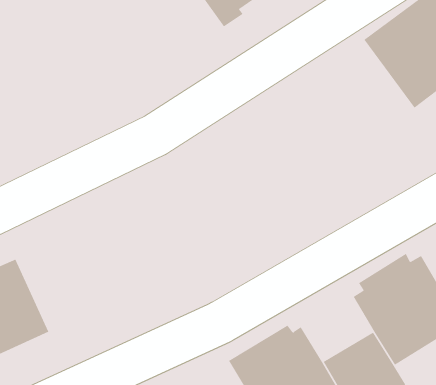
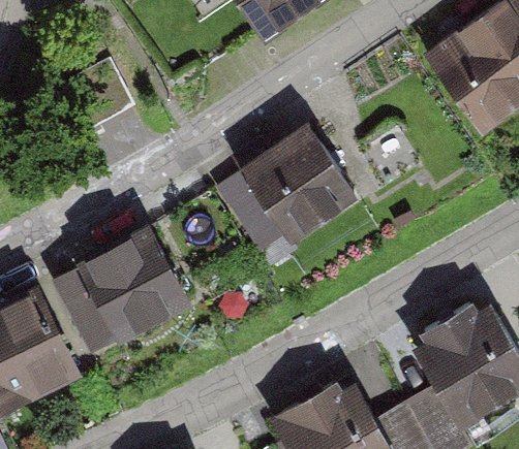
building: none -> [222,131,356,250]
building: none -> [52,232,189,361]

